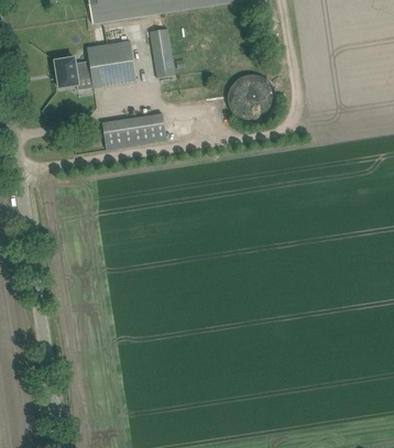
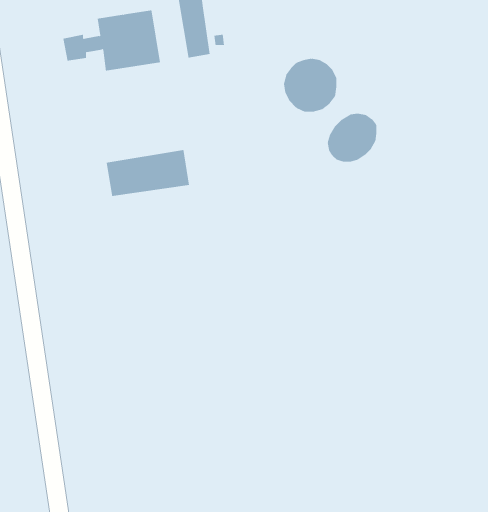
building: [101,112,166,149] -> [106,150,190,197]
building: none -> [327,113,377,162]

